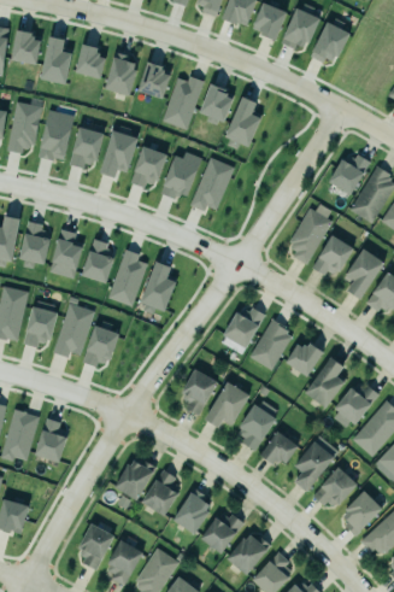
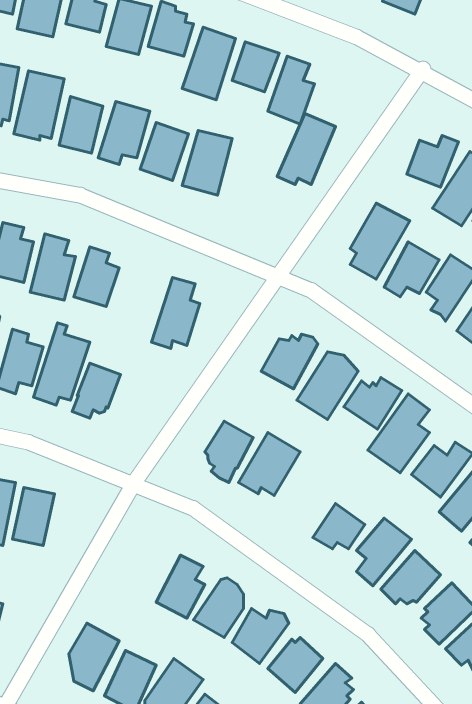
building: [189,158,233,211] -> [277,113,335,184]
building: [105,250,148,309] -> none
building: [237,405,275,451] -> none
building: [111,453,154,510] -> none

